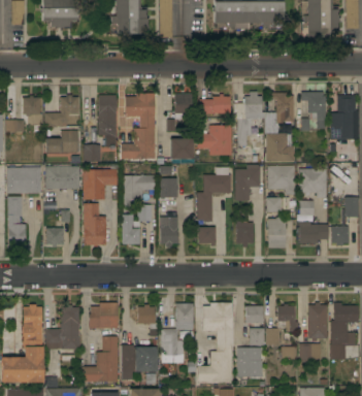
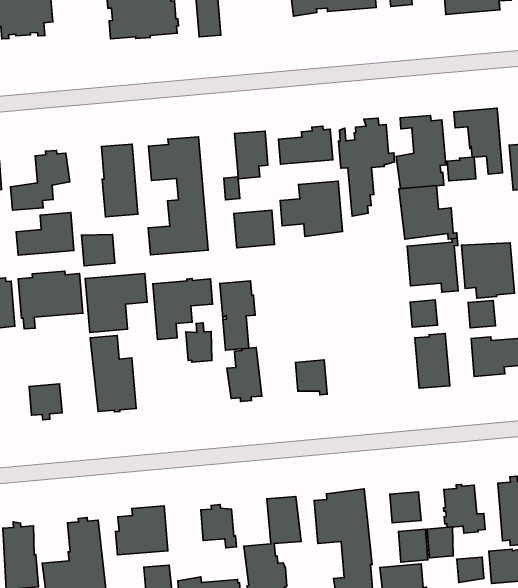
building: [235,165,261,201] -> none
building: [198,175,231,222] -> none
building: [122,214,140,244] -> none
building: [236,222,254,248] -> none

